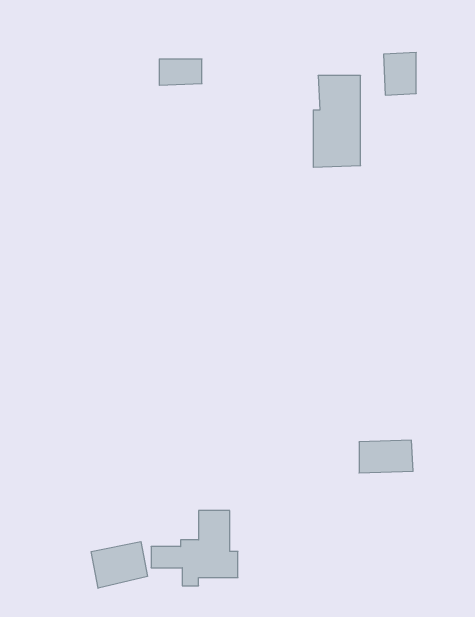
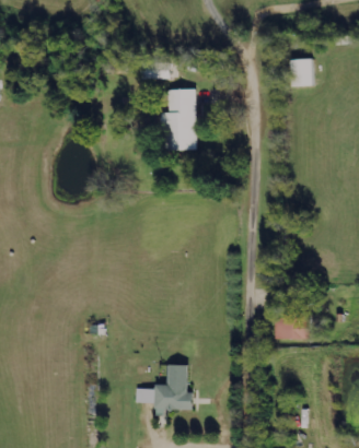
building: [313,76,361,167] -> [163,90,195,151]
building: [91,542,147,588] -> none

